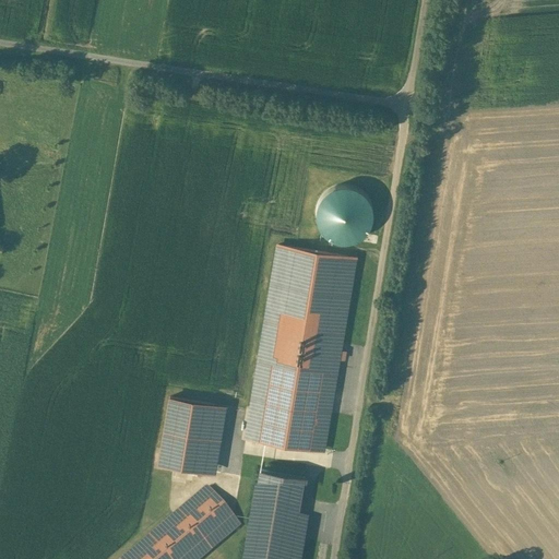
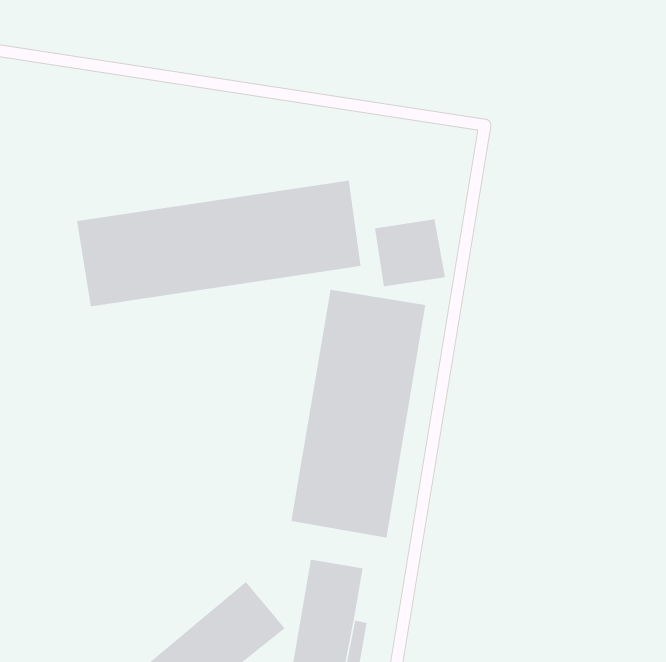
building: none -> [77,180,361,307]
building: [157,397,226,476] -> none

